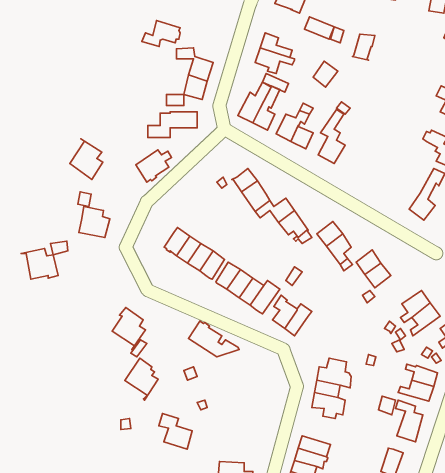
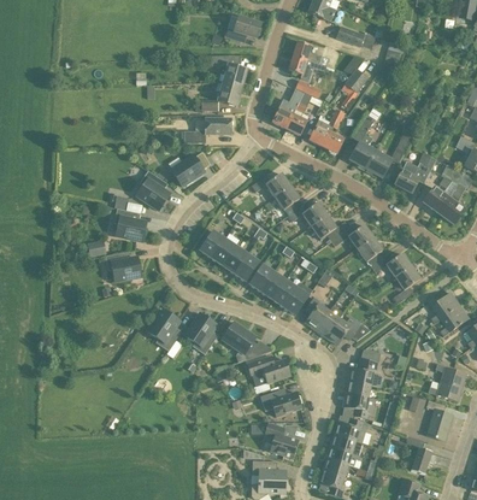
building: [142,21,180,46] -> [224,16,261,41]
building: none -> [365,119,418,177]
building: [70,139,103,179] -> [136,170,169,210]
building: none -> [394,152,436,192]
building: none -> [423,164,463,212]
building: [21,249,58,279] -> [105,251,141,281]
building: none -> [326,316,370,343]
building: none -> [247,357,290,382]
building: [125,358,158,400] -> [186,313,218,354]
building: none -> [260,389,301,416]
building: [159,414,192,449] -> [265,422,298,457]
building: none -> [334,417,367,442]

